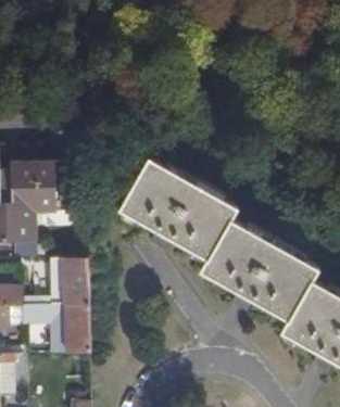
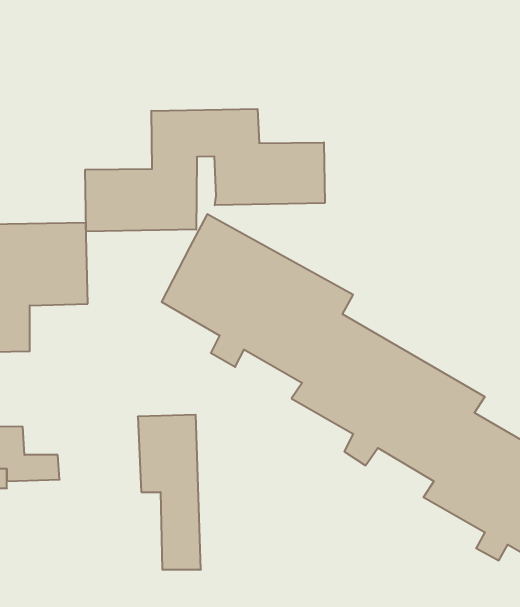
building: none -> [85,109,325,232]
building: [51,257,90,353] -> [138,415,201,570]

